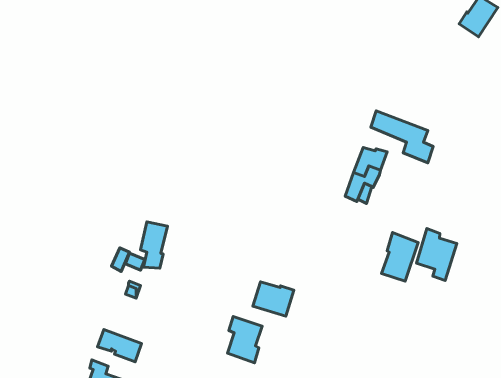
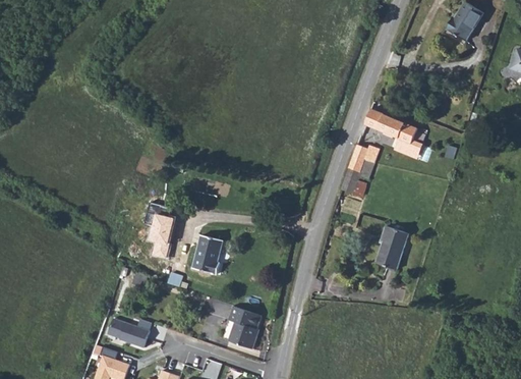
building: [417,229,457,280] -> none
building: none -> [195,235,227,274]
building: [253,282,294,316] -> none

